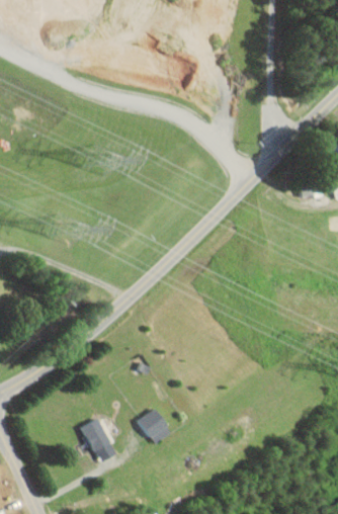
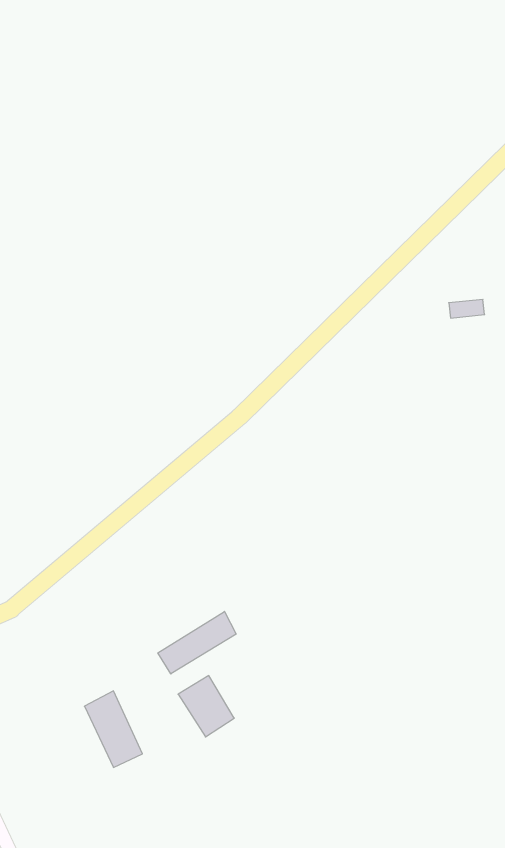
building: none -> [158,611,236,674]

